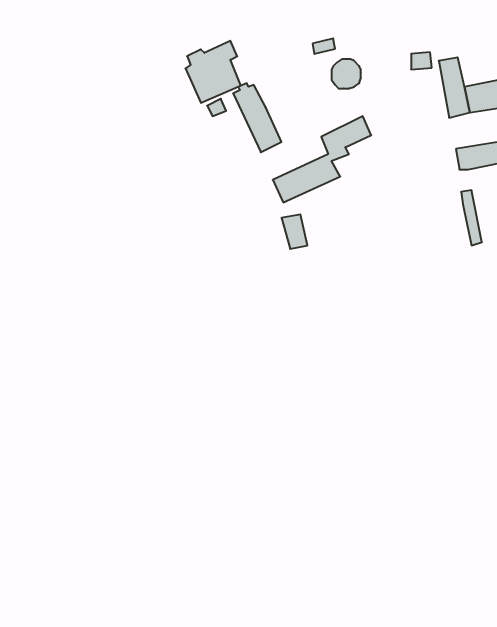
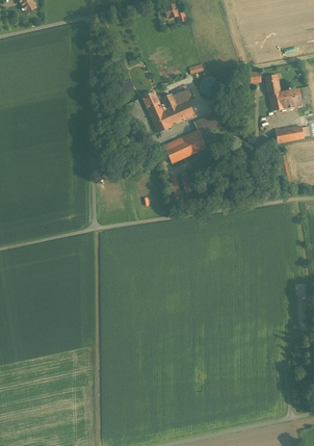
building: [185,41,241,103] -> [162,88,195,126]

